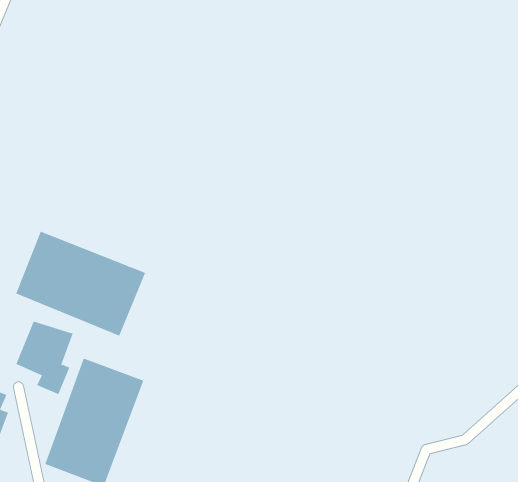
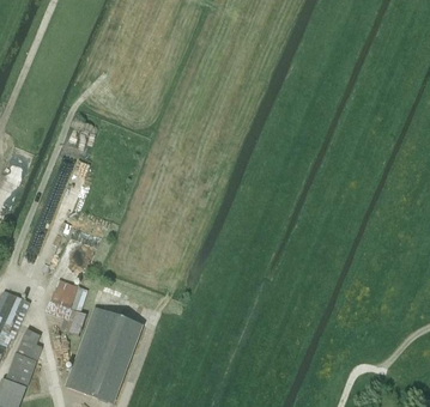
building: [16,231,146,337] -> none

